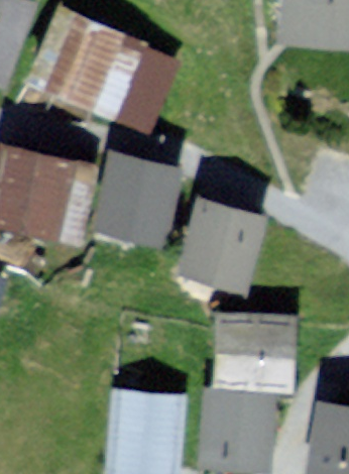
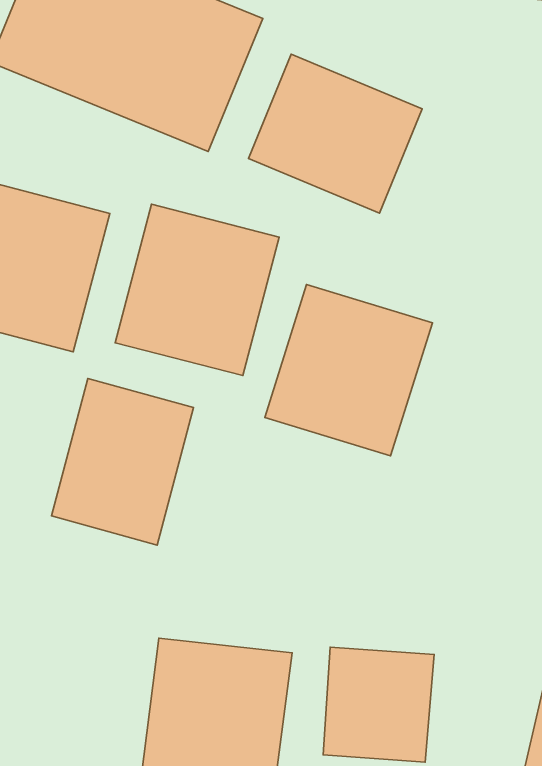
building: none -> [249,54,422,213]
building: none -> [52,378,193,545]
building: [213,321,297,396] -> none

